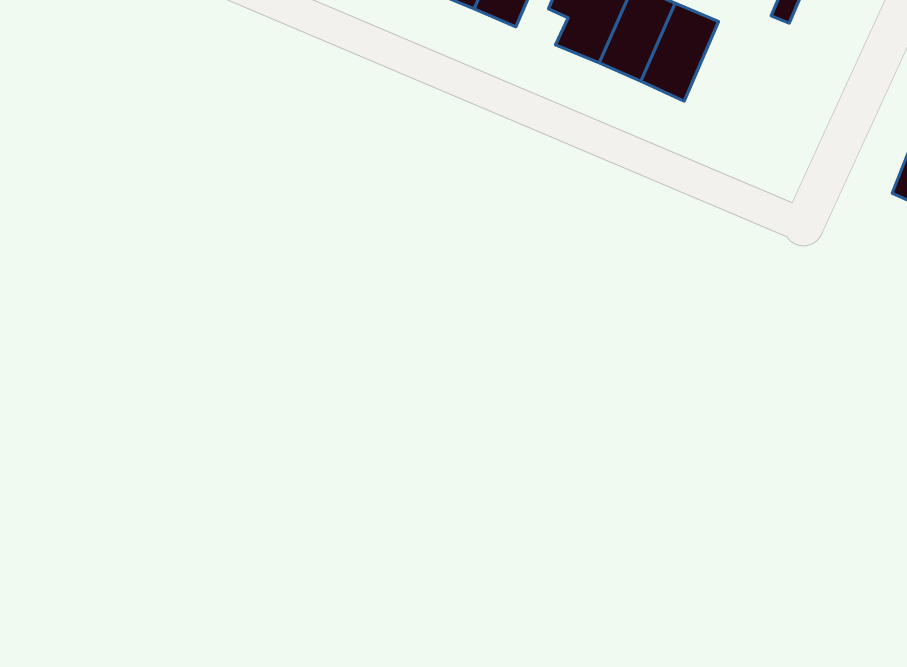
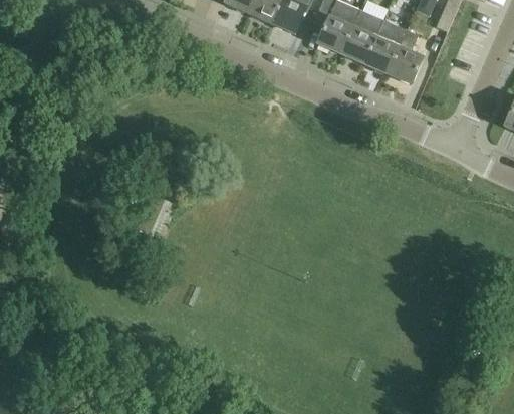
building: none -> [388,29,422,83]

